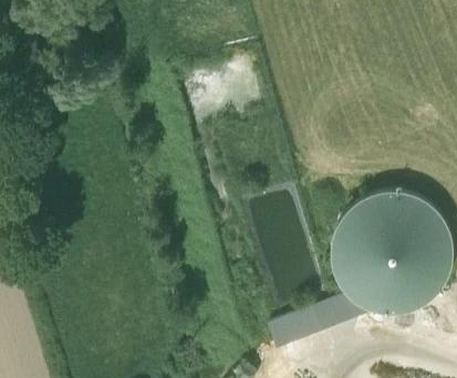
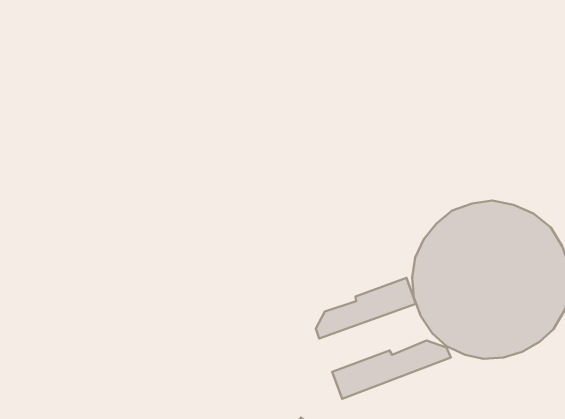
building: none -> [316,278,416,338]

